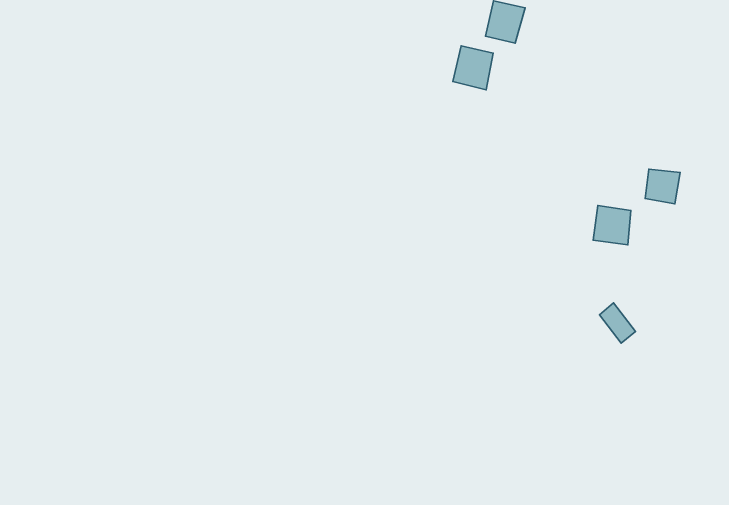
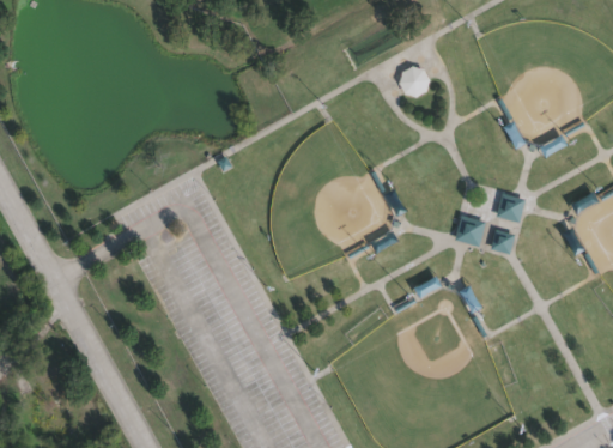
building: [453,46,493,90] -> none

